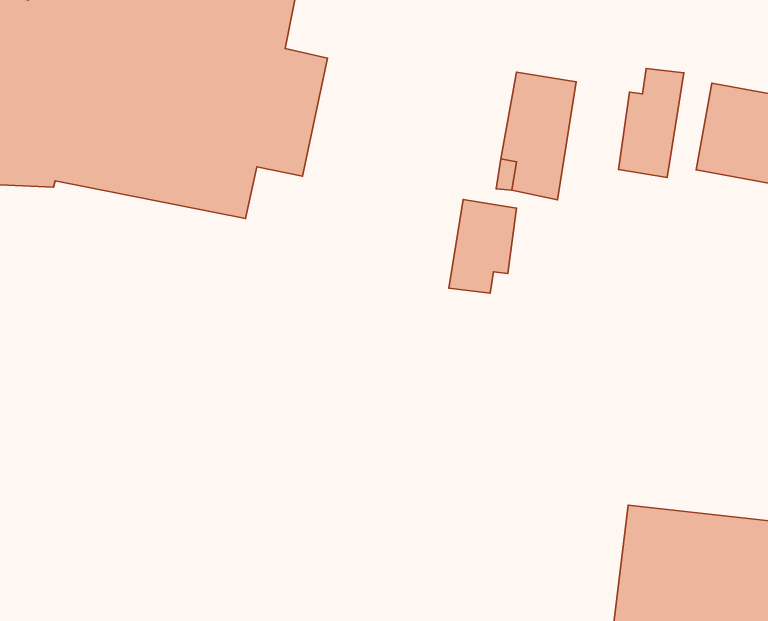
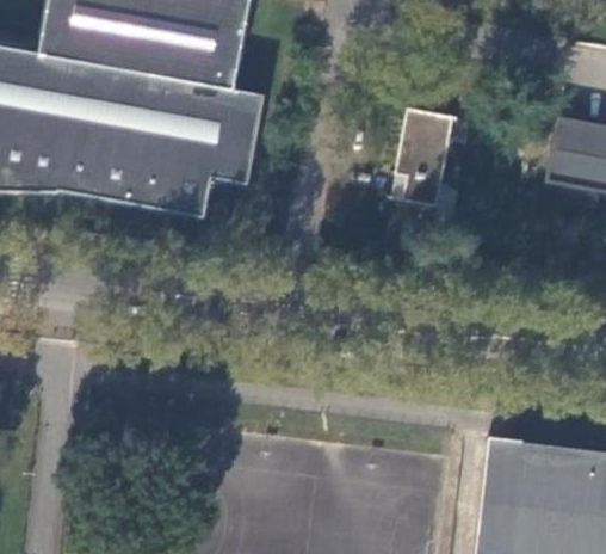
building: [619,69,684,177] -> none
building: [449,200,517,293] -> none

